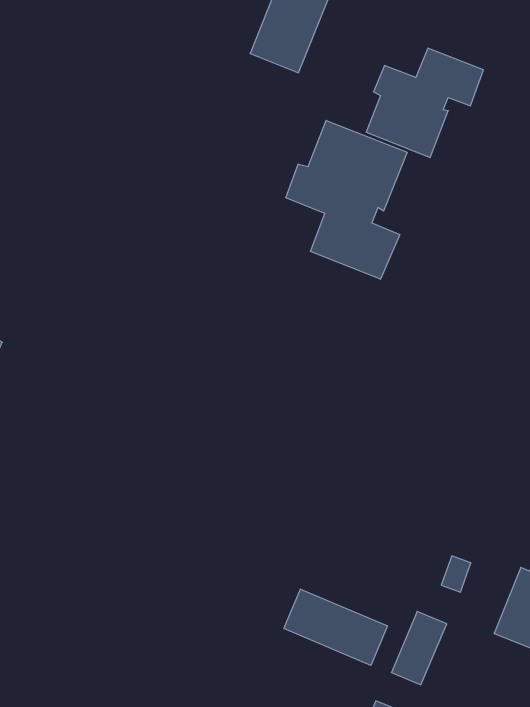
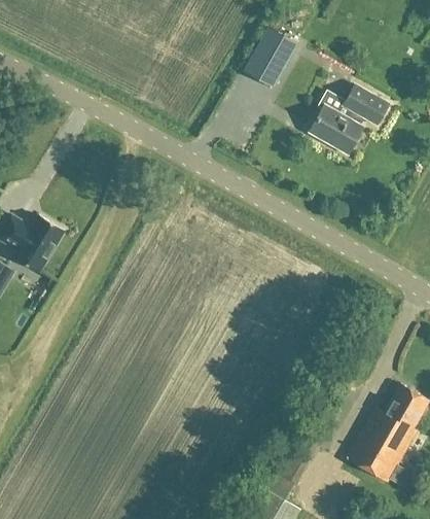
building: [286,120,407,279] -> none
building: [284,589,388,665] -> none

